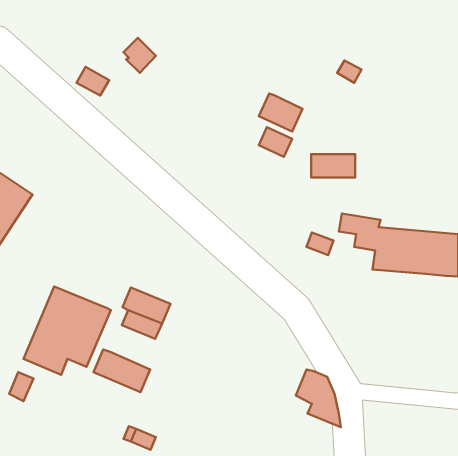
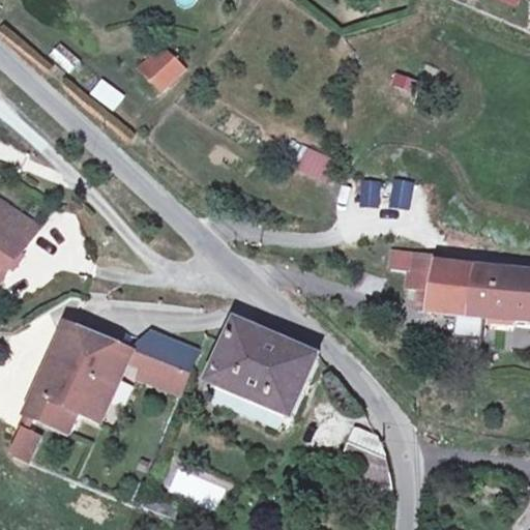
building: [259,93,303,132] -> none
building: none -> [208,319,317,417]
building: [94,349,150,392] -> none

